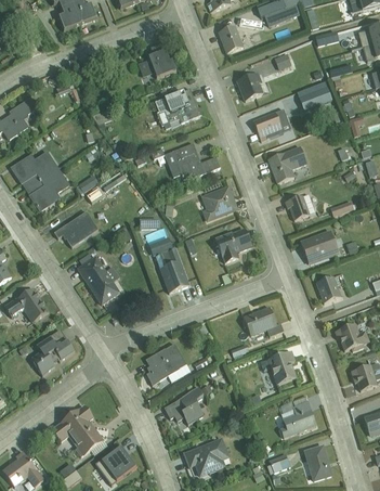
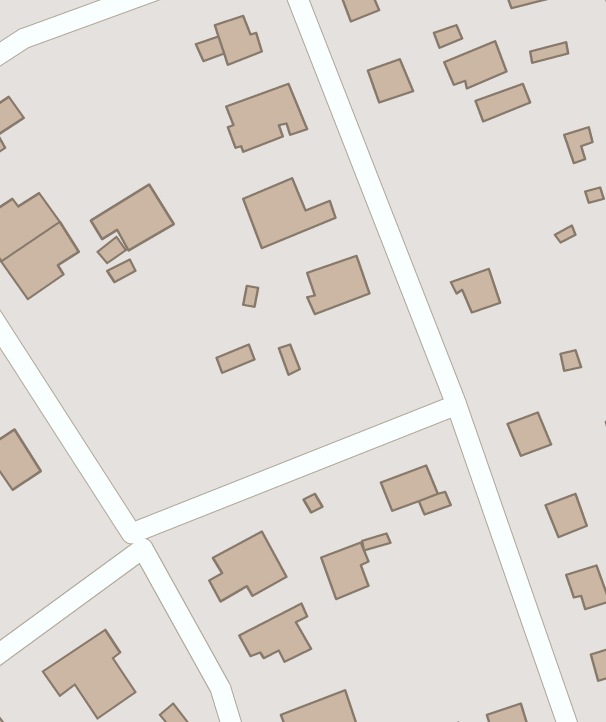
building: [253,111,289,138] -> [444,41,507,88]
building: [268,146,306,182] -> none
building: [51,208,99,246] -> [91,185,174,251]
building: [217,228,253,261] -> none
building: [301,230,339,263] -> none
building: [78,256,119,303] -> none
building: [160,260,189,292] -> none
building: [32,330,74,372] -> none
building: [268,350,296,383] -> [321,542,368,599]
building: [278,396,316,435] -> none

